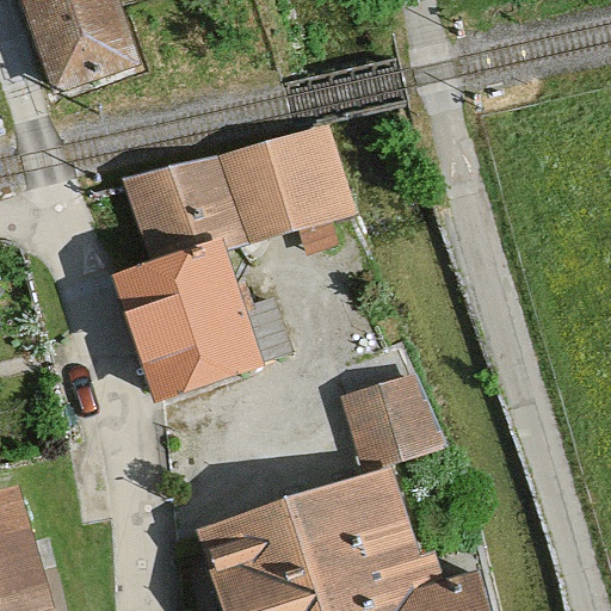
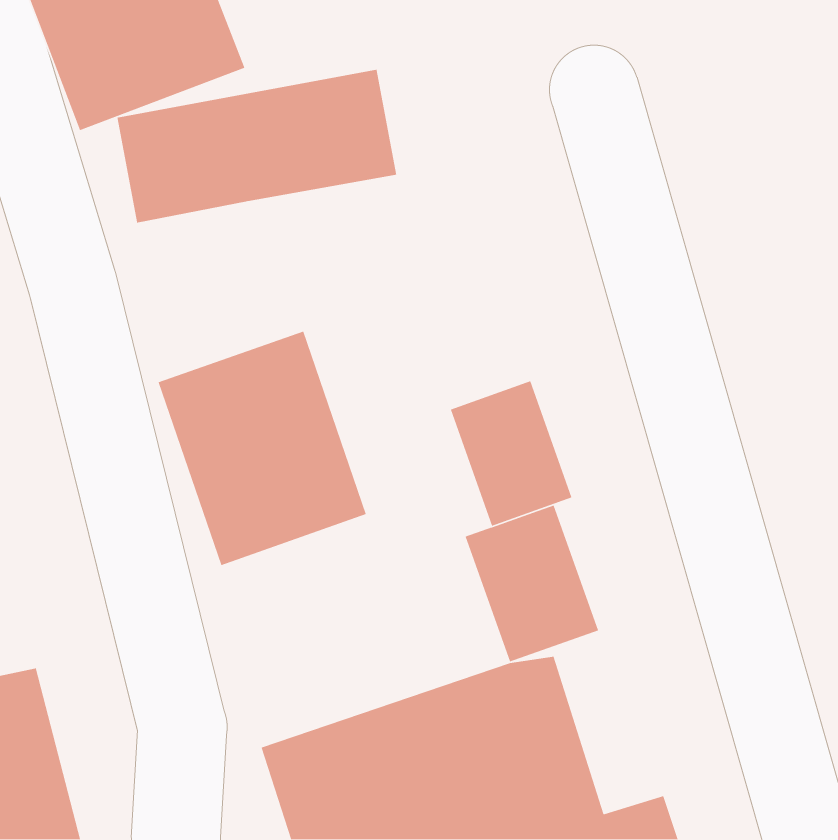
building: [124,142,326,253] -> [117,69,397,223]
building: none -> [450,380,572,527]

